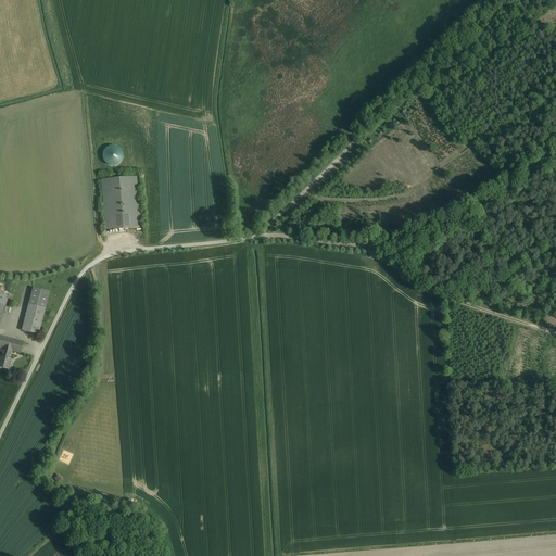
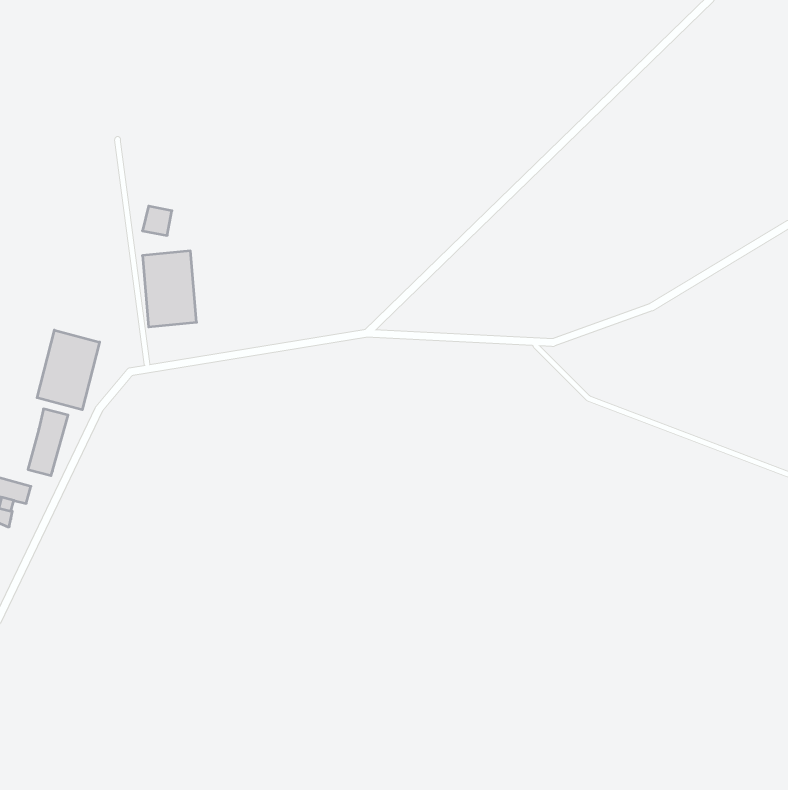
building: none -> [37,330,100,410]

